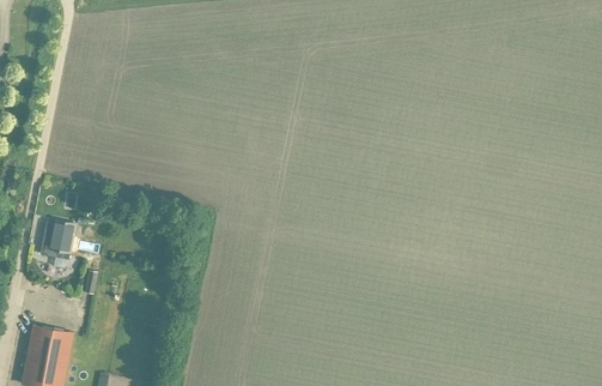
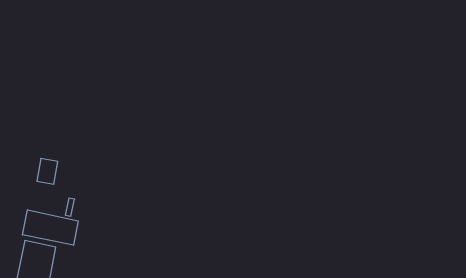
building: none -> [22,210,78,245]

